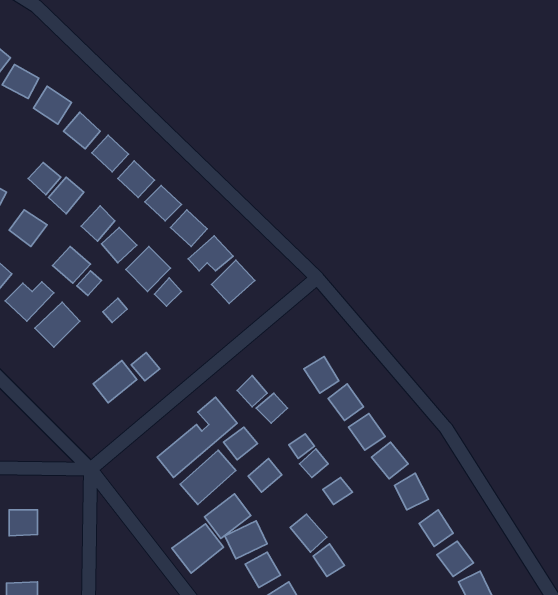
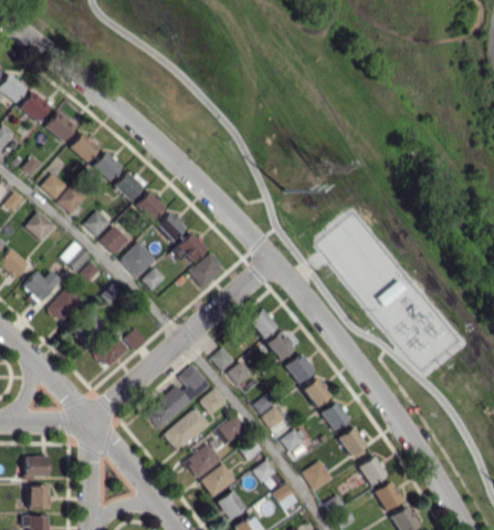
building: none -> [249,309,277,339]
building: none -> [302,460,333,491]
building: [172,524,224,573] -> none
building: none -> [29,486,50,508]

